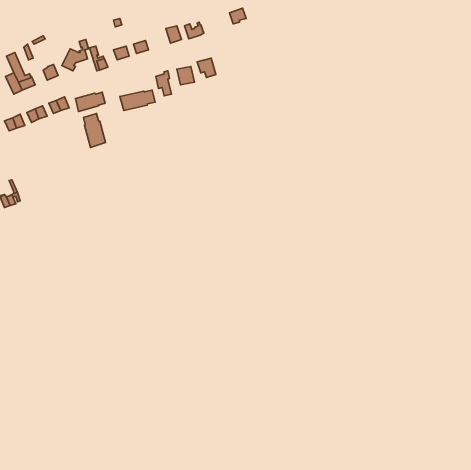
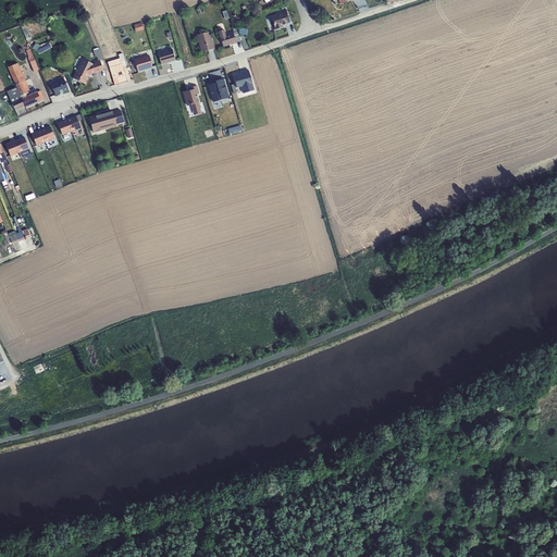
building: [120,90,155,110] -> none
building: [83,114,105,148] -> none

